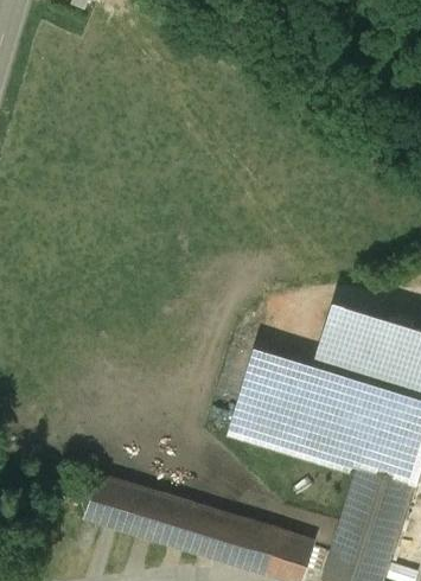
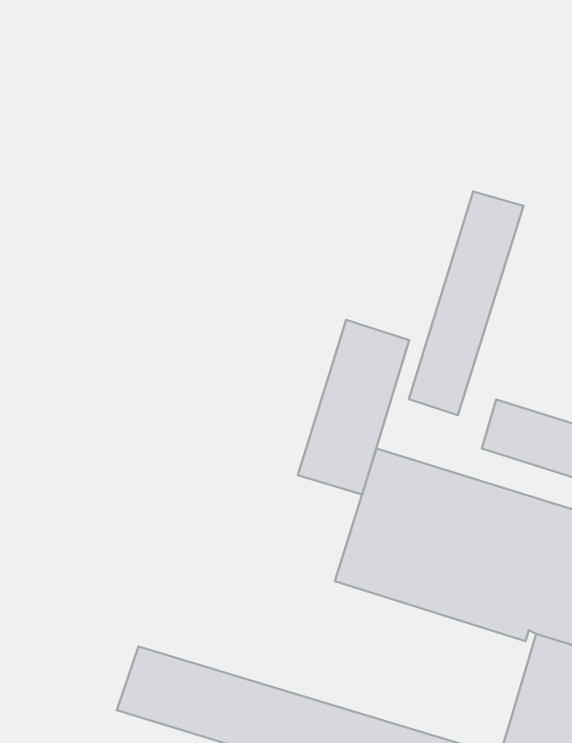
building: none -> [409,191,523,415]
building: none -> [298,320,409,494]

